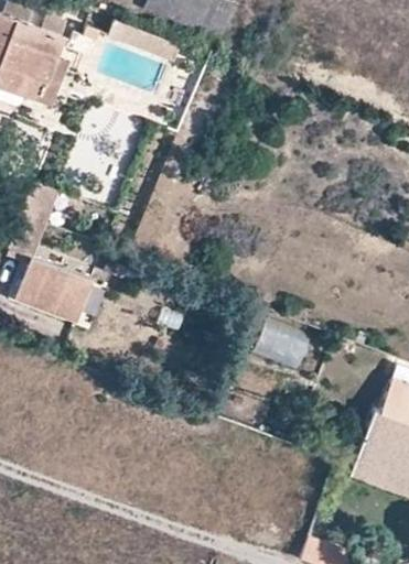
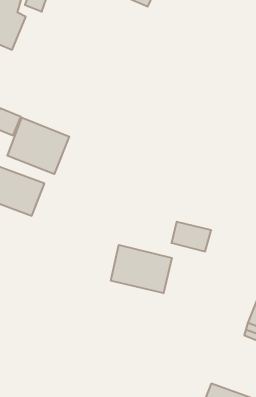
building: none -> [7,118,69,174]
building: none -> [111,245,172,293]

